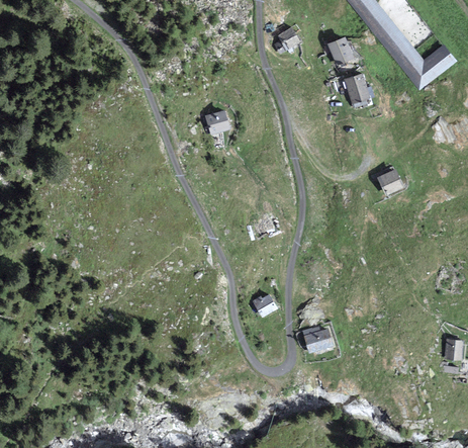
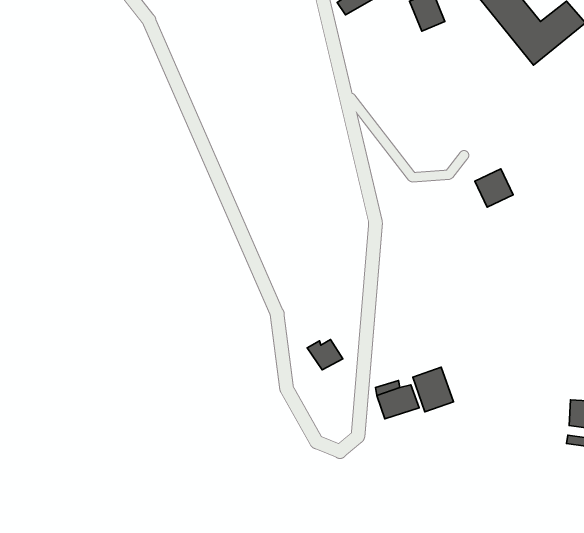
building: [344,74,371,104] -> none
building: [204,109,230,135] -> none
building: none -> [413,367,453,412]

